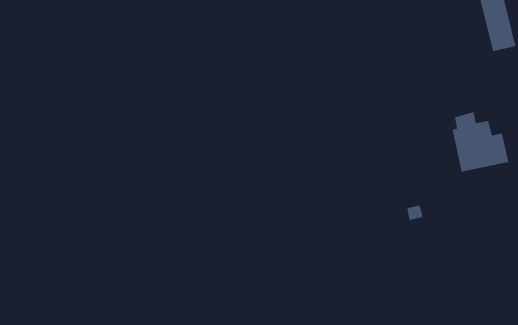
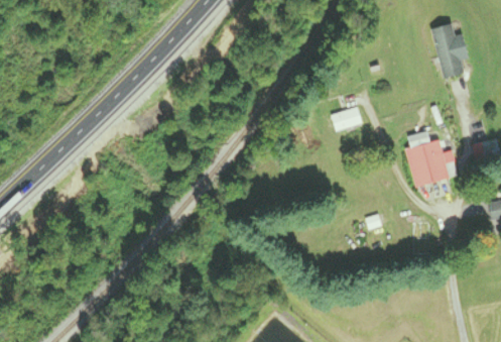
building: none -> [331,107,362,131]

